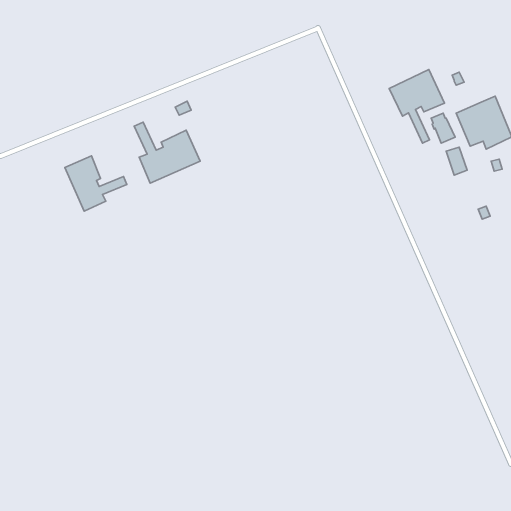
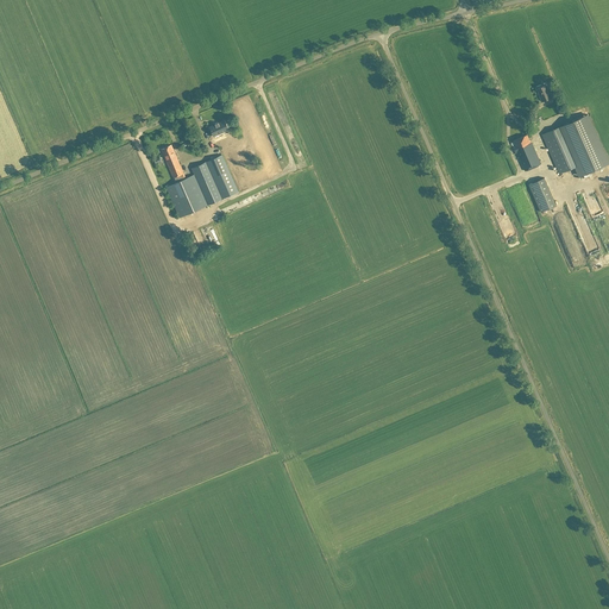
building: [389,70,444,143] -> none
building: [65,156,127,211] -> none

